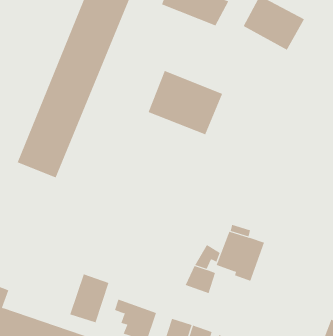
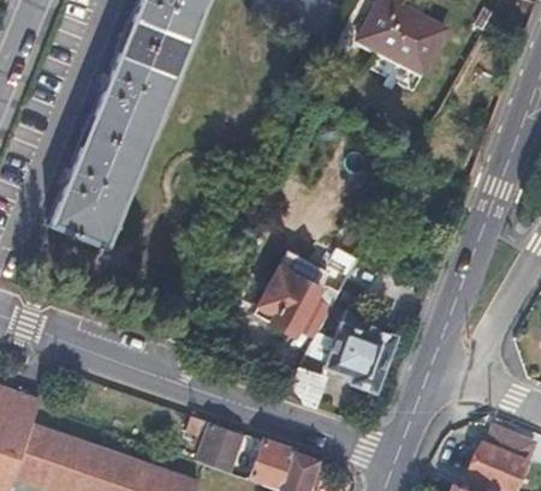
building: [148,70,223,135] -> none
building: none -> [255,228,368,337]
building: [70,273,109,323] -> none

